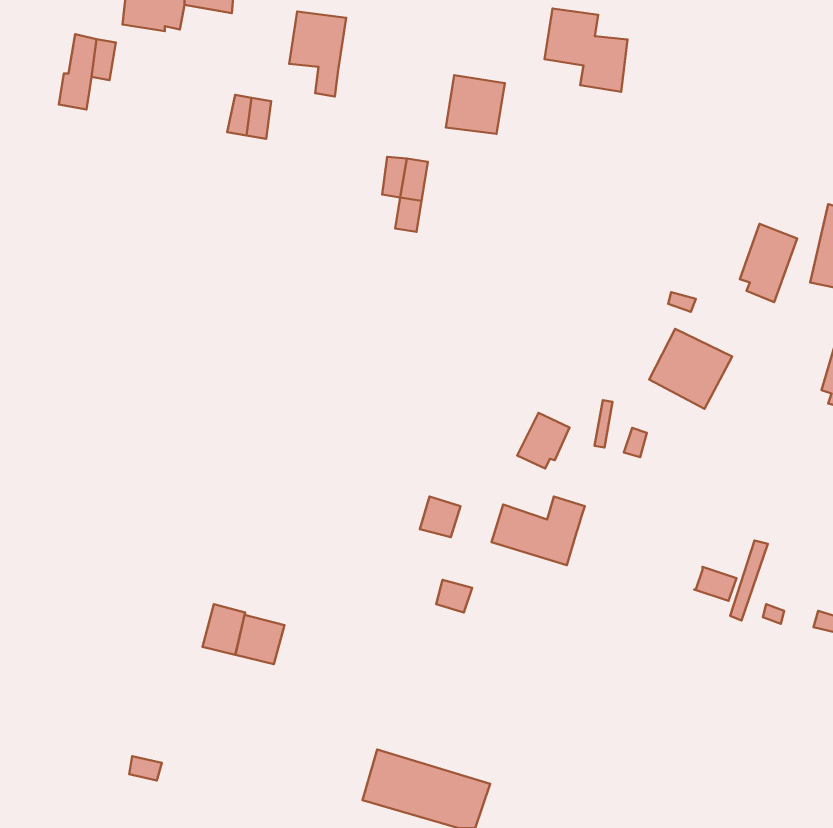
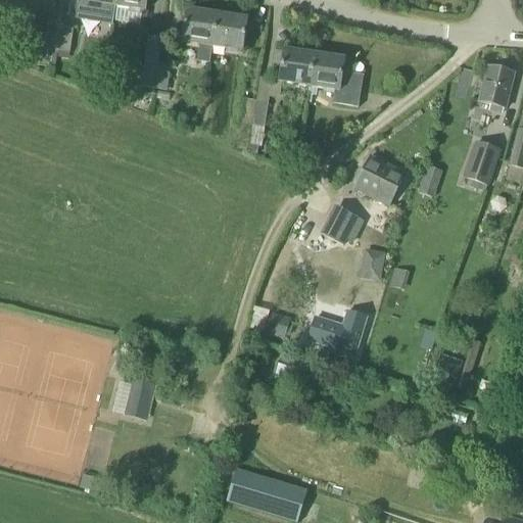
building: [544,8,628,92] -> [312,52,364,104]
building: none -> [212,11,247,48]
building: none -> [480,66,514,106]
building: [649,329,732,409] -> [354,154,407,204]
building: [517,413,570,468] -> [329,209,362,244]
building: [235,615,284,664] -> none

